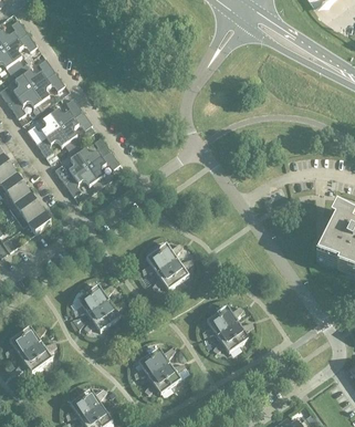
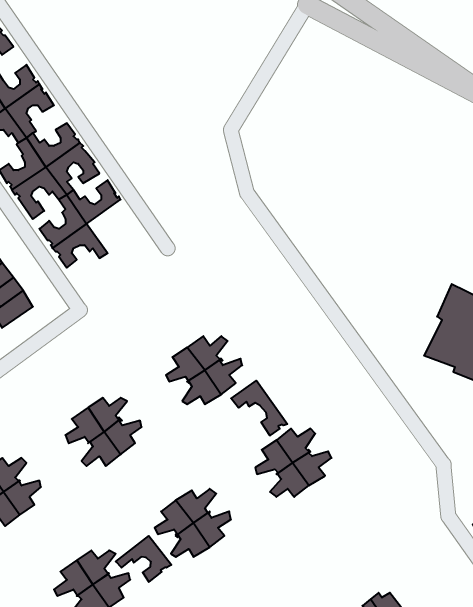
building: [86,148,119,185] -> none
building: none -> [231,381,287,436]
building: none -> [116,536,171,582]

